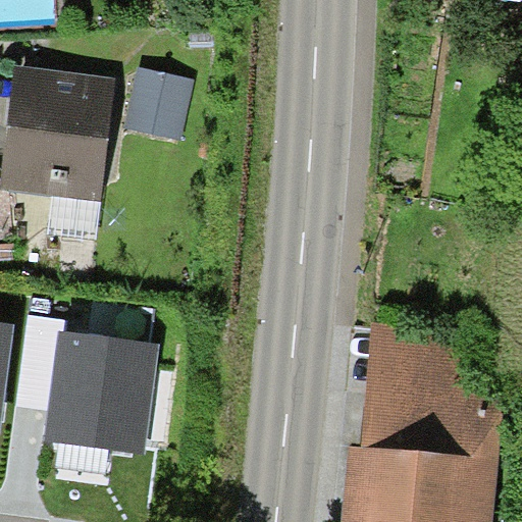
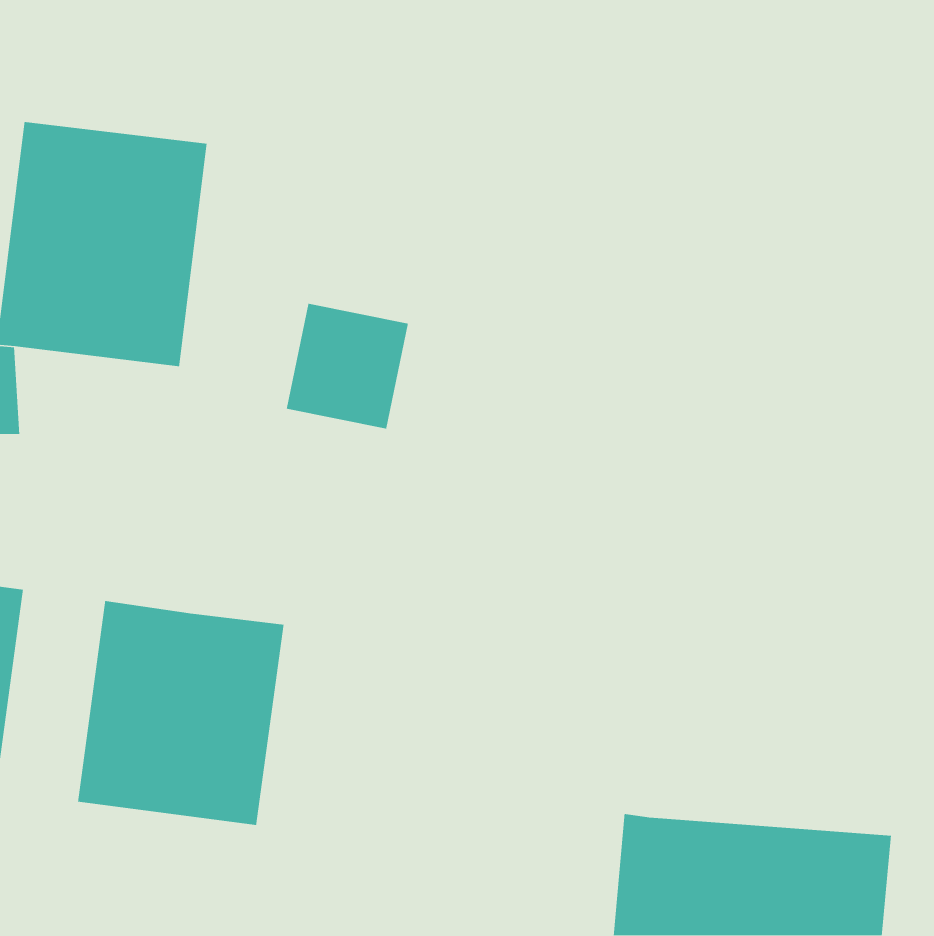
building: [123,68,192,139] -> [286,303,409,429]
building: [361,326,501,464] -> none

